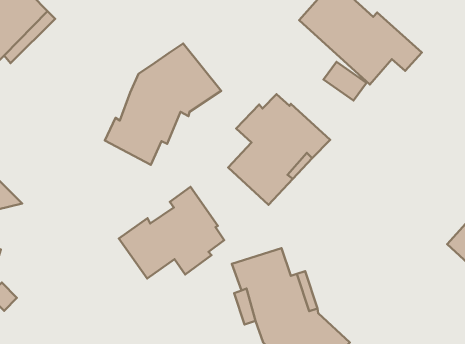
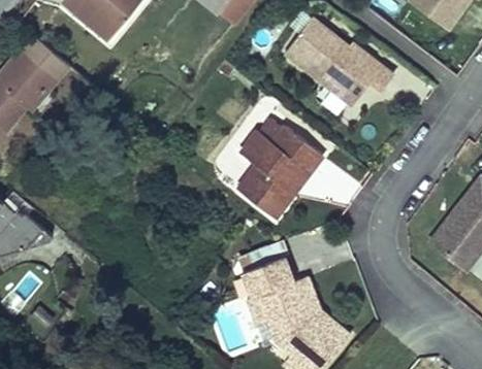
building: [105,44,221,165] -> none
building: [119,187,224,279] -> none

